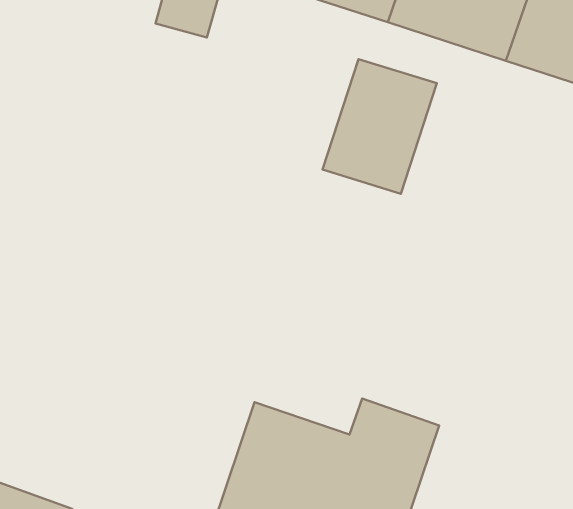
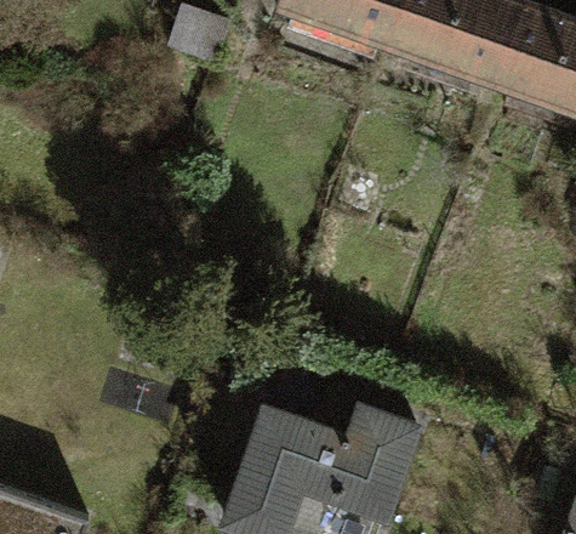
building: [322,59,437,194] -> none

